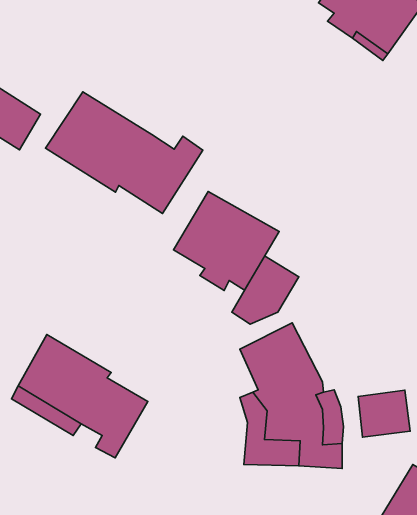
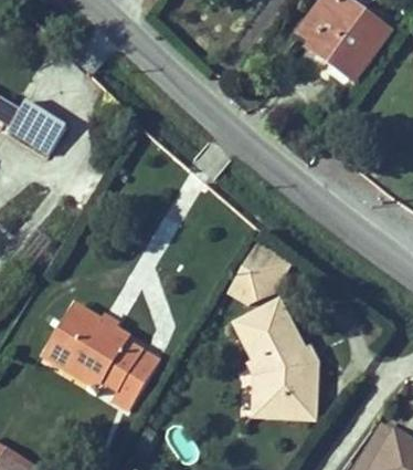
building: [46,92,203,214] -> none
building: [173,191,279,291] -> none
building: [358,390,410,437] -> none

